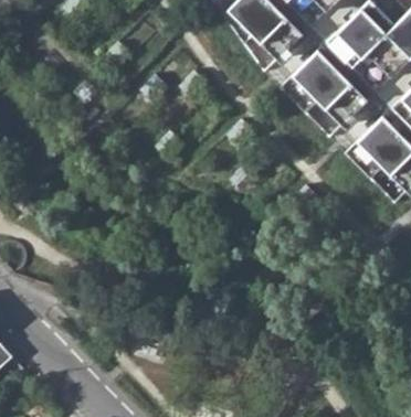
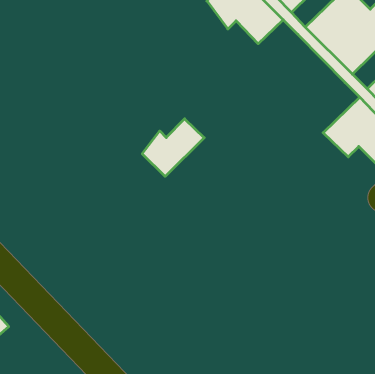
building: [281,50,368,126] -> none
building: none -> [142,119,204,176]

